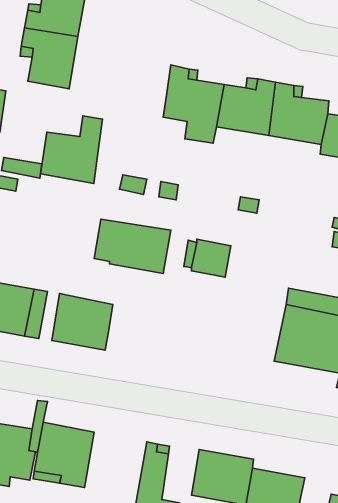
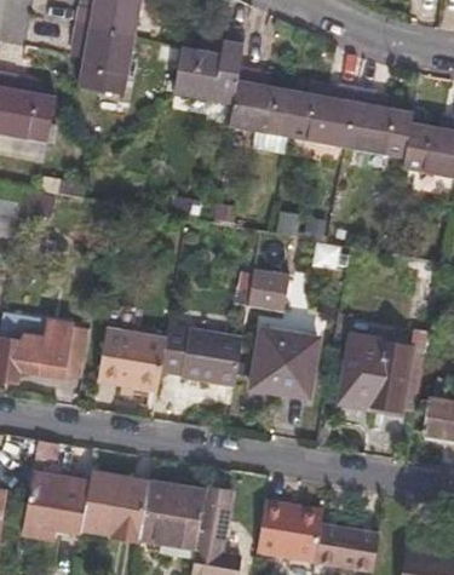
building: [40,116,103,184] -> [168,34,237,109]
building: [94,219,171,274] -> [163,326,248,386]
building: none -> [254,329,323,397]
building: none -> [138,481,206,547]

